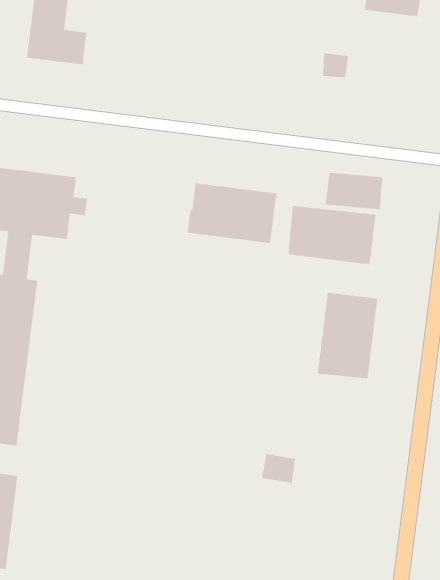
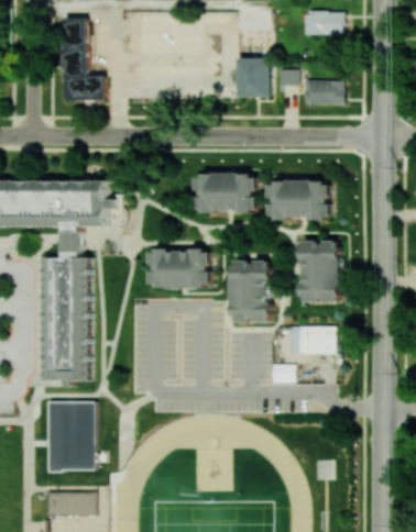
building: none -> [237,57,270,97]
building: [325,172,383,210] -> [303,79,343,104]
building: none -> [147,250,210,287]
building: none -> [231,261,269,321]
building: none -> [288,325,335,354]

